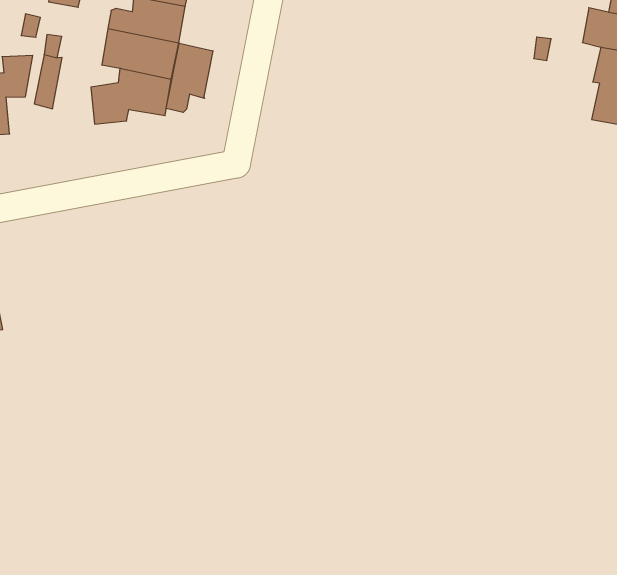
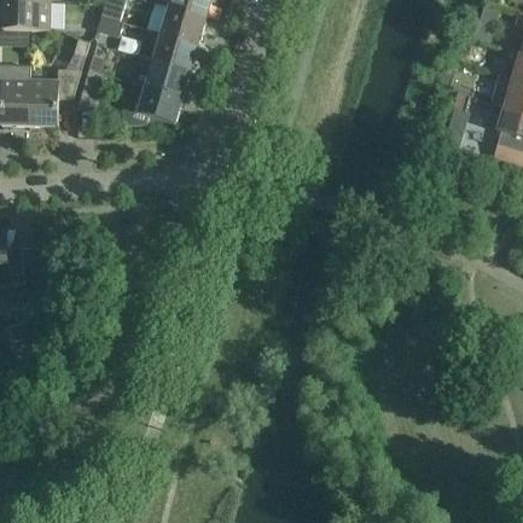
building: [166,43,213,112] -> none

